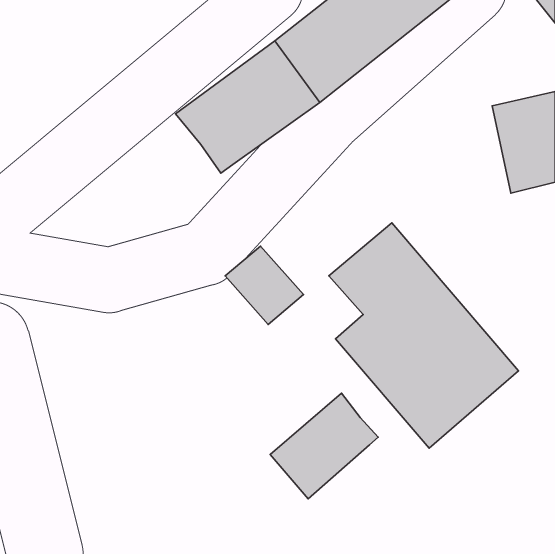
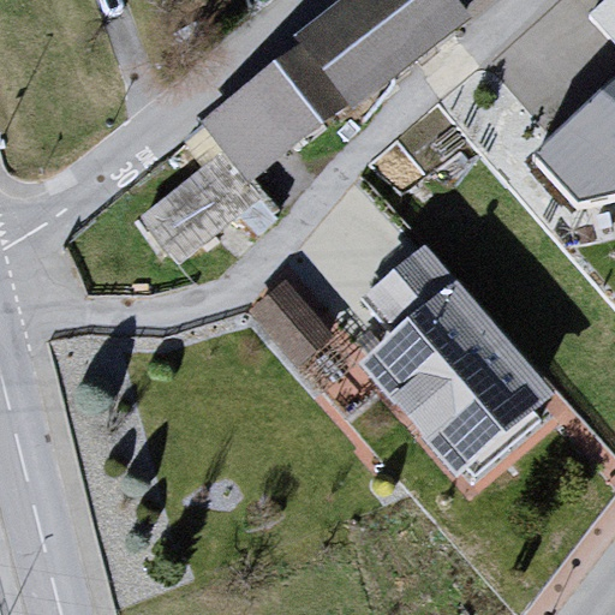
building: none -> [138,157,265,263]
building: [270,393,378,499] -> none

